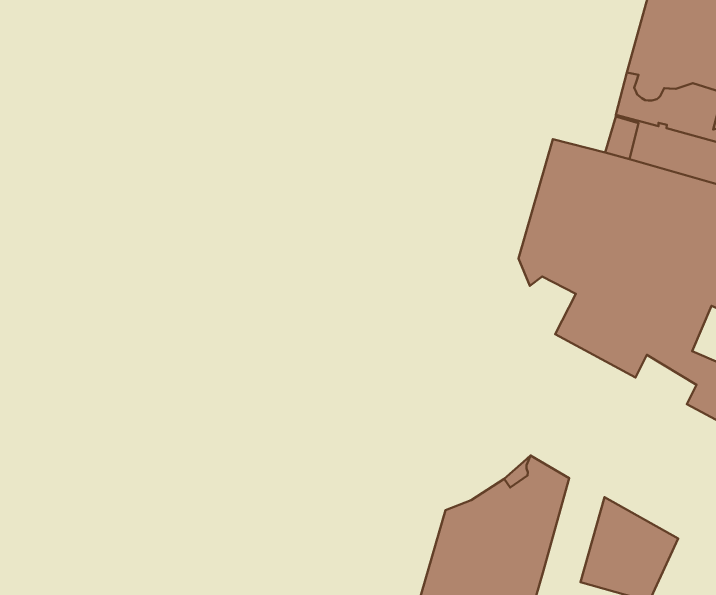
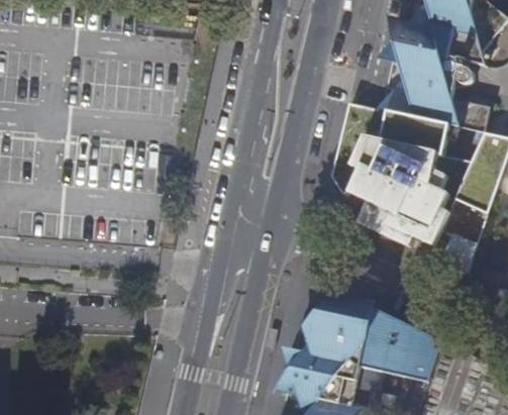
building: none -> [362,311,396,374]

